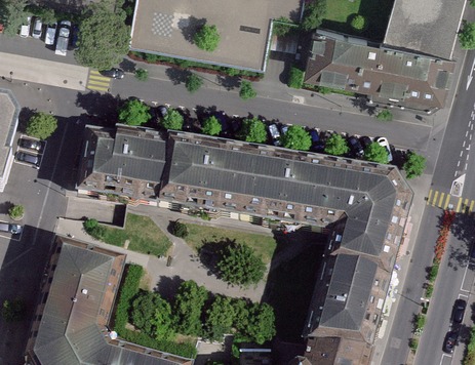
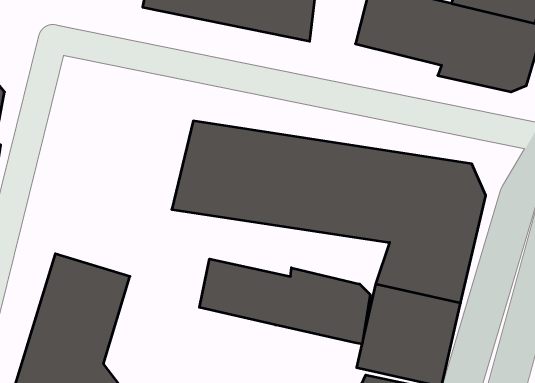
building: [75,117,170,203] -> none
building: none -> [199,259,370,344]

